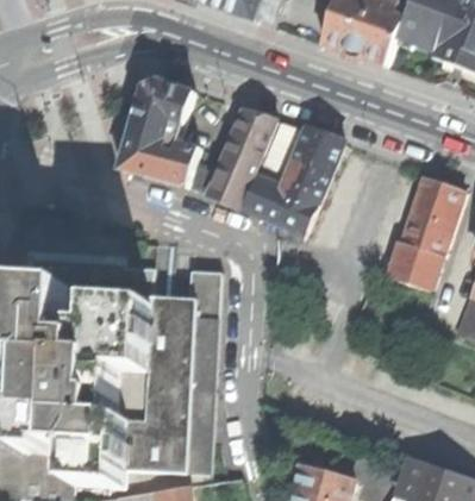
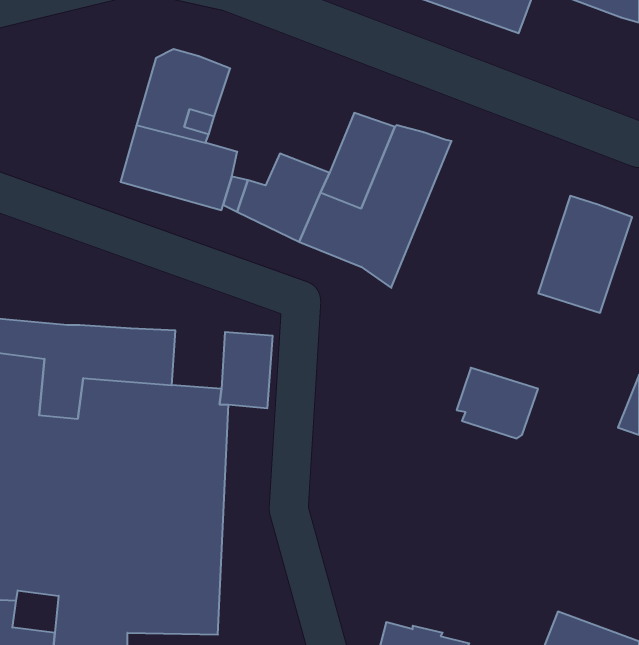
building: [227,108,279,163] -> none
building: [388,243,443,290] -> [457,368,538,438]
building: [186,319,219,474] -> none

